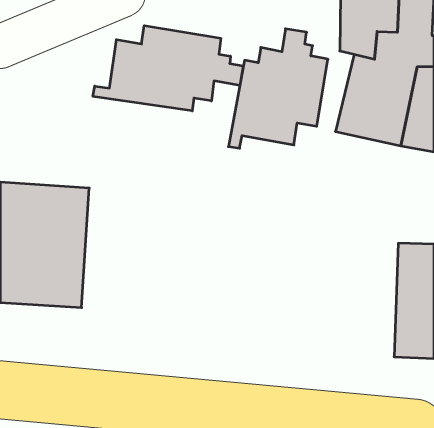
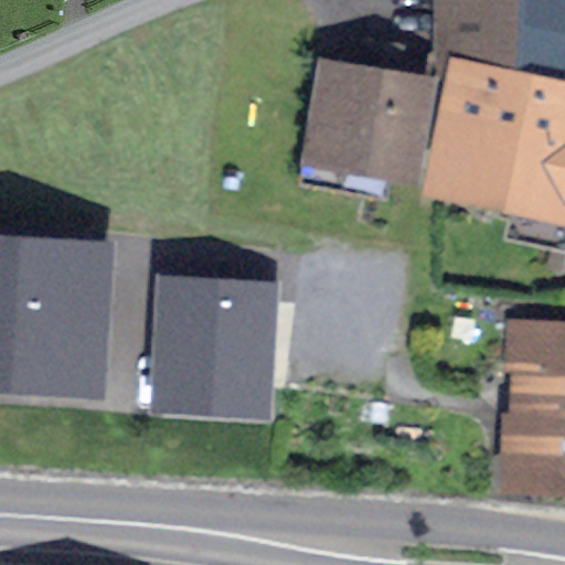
building: [93,26,243,111] -> none
building: none -> [147,273,277,420]

